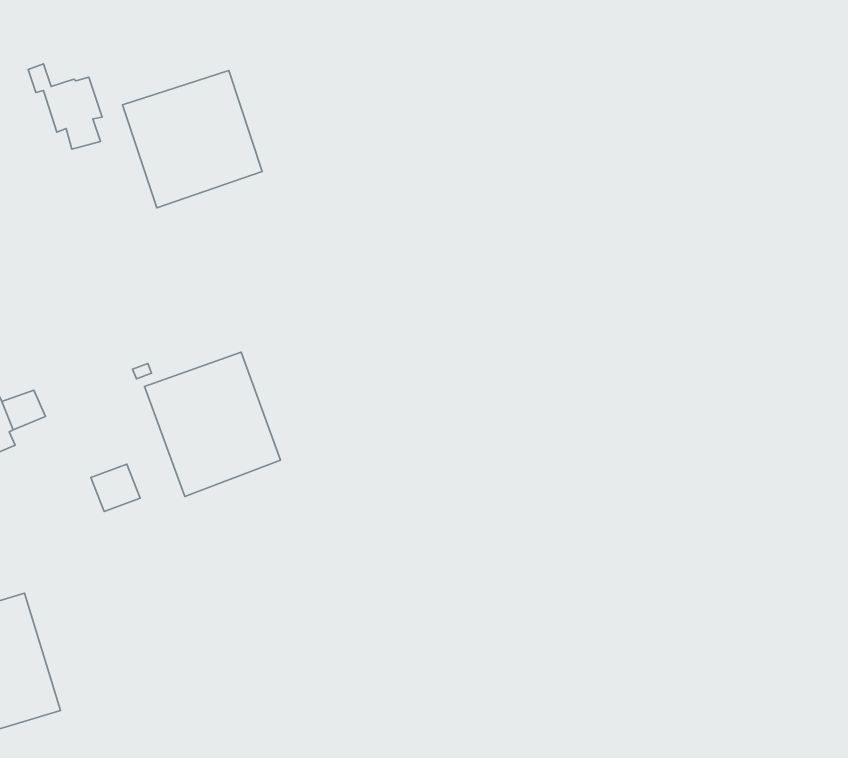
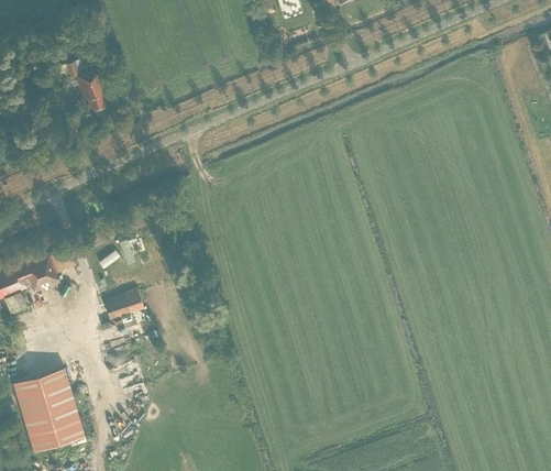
building: [122,70,262,208] -> none
building: [144,352,280,496] -> none

